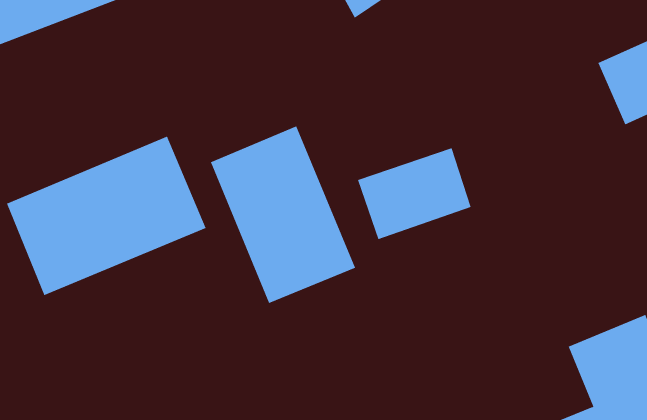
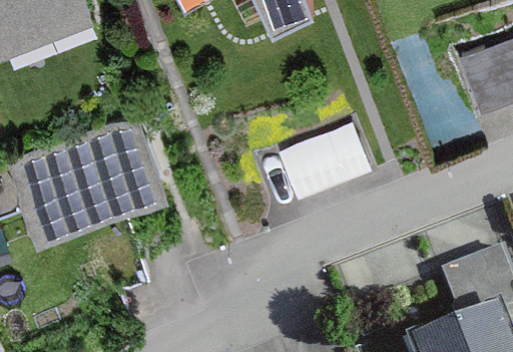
building: [210,125,356,304] -> none

